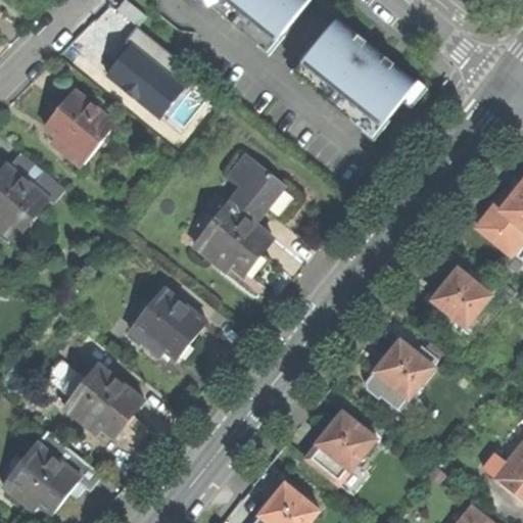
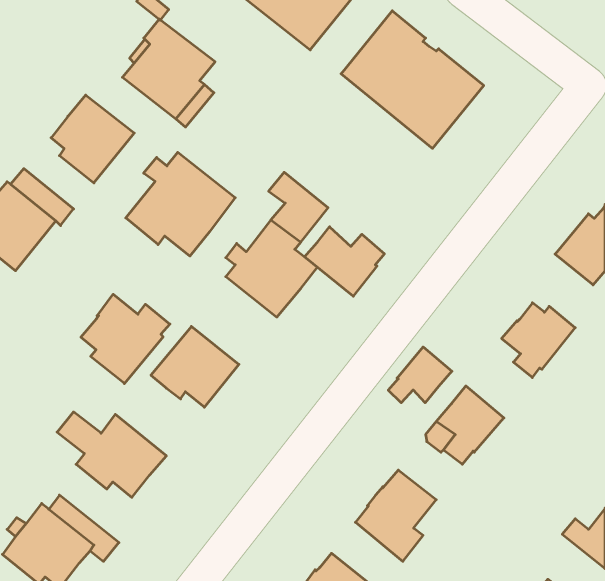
building: none -> [126,152,235,256]
building: none -> [305,227,384,296]
building: none -> [81,294,170,384]
building: none -> [388,347,452,403]

